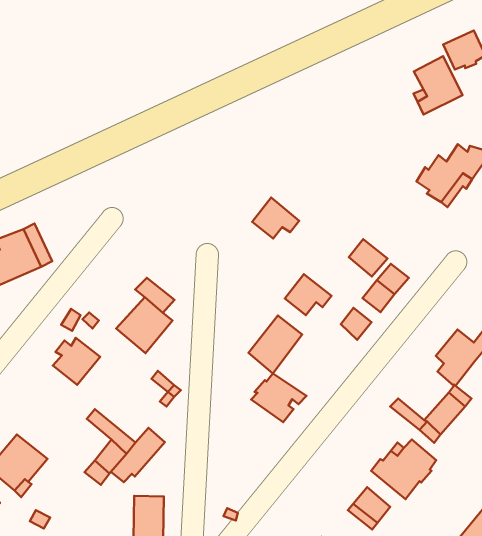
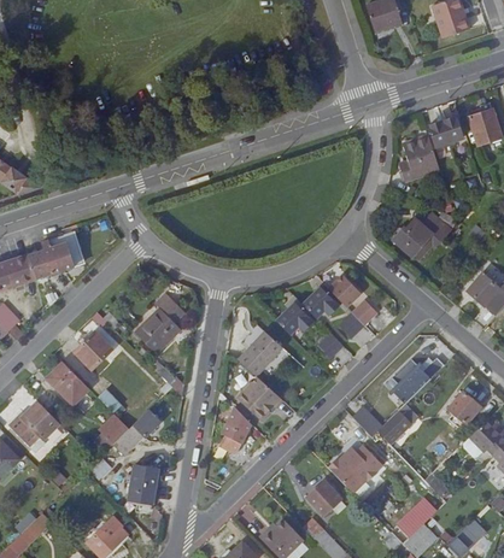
building: [252,198,299,239] -> [301,284,340,318]
building: none -> [51,360,92,403]
building: none -> [218,411,250,451]

